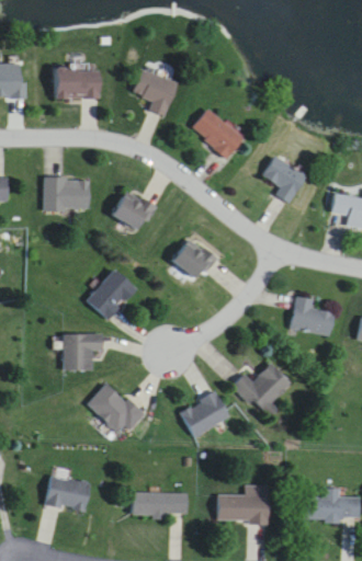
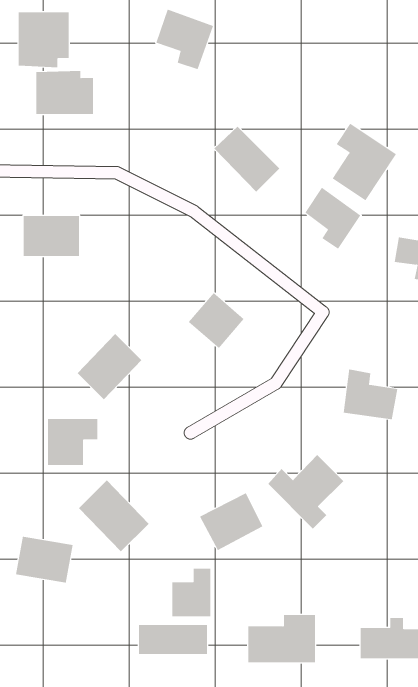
building: none -> [18,12,69,68]
building: [132,69,177,116] -> [156,9,214,70]
building: none -> [332,123,397,201]
building: [111,190,151,229] -> none
building: none -> [172,568,211,617]
building: [45,474,90,511] -> [15,536,73,583]

